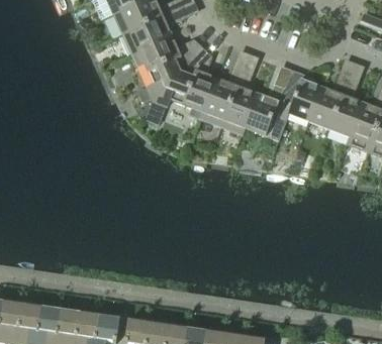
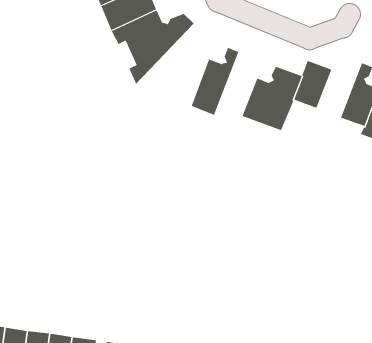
building: [153,46,215,117] -> none
building: [220,71,257,133] -> none
building: [308,76,347,127] -> none

